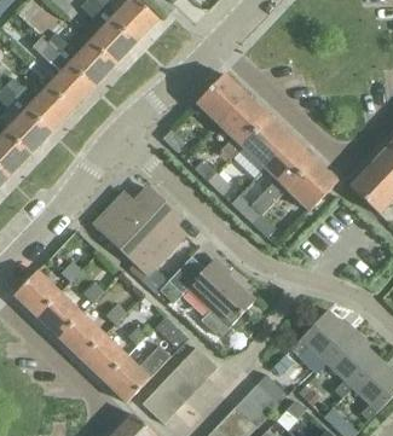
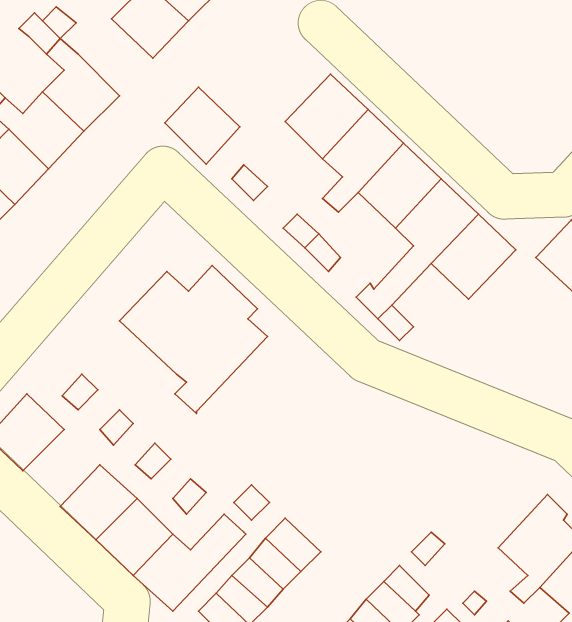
building: [69,39,115,86] -> [165,87,240,164]
building: [160,255,255,337] -> none
building: [35,290,82,337] -> none
building: [290,308,357,362] -> none

